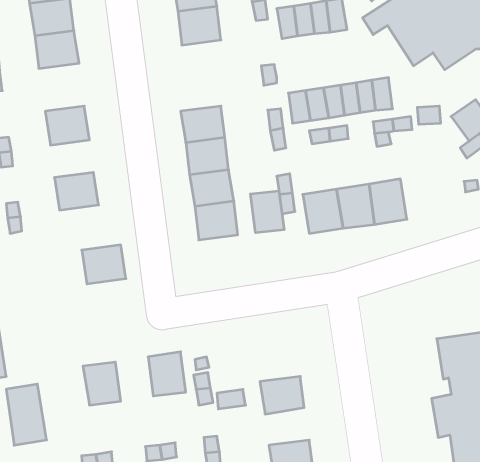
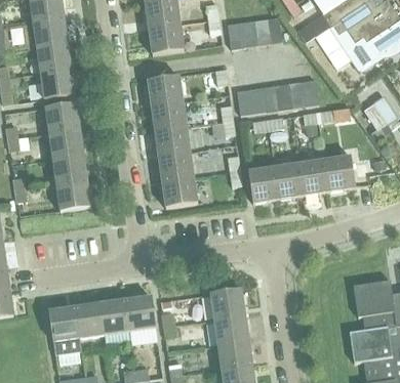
building: none -> [39,68,74,98]
building: none -> [148,75,183,105]
building: none -> [48,128,82,158]
building: none -> [324,155,355,190]
building: [250,191,284,233] -> none
building: [82,245,126,284] -> [55,179,90,210]
building: none -> [210,289,245,318]
building: none -> [99,299,130,342]
building: [6,384,47,445] -> [49,306,81,354]
building: none -> [217,339,252,369]

